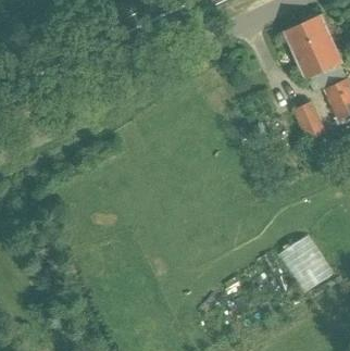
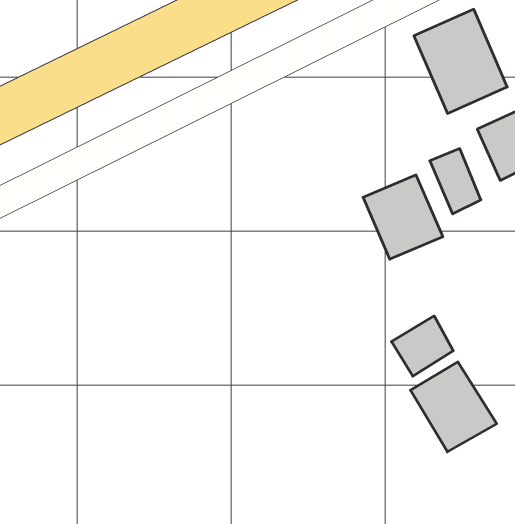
building: none -> [363,175,443,259]
building: none -> [391,316,453,376]

